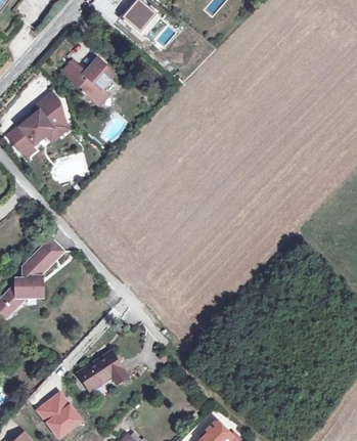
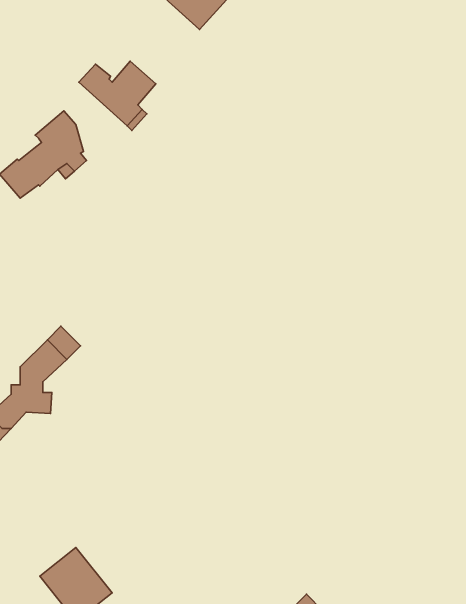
building: [80,353,125,389] -> none

